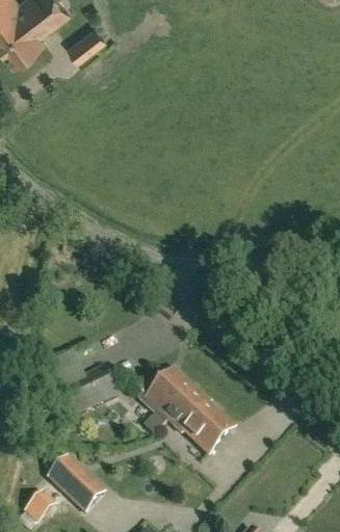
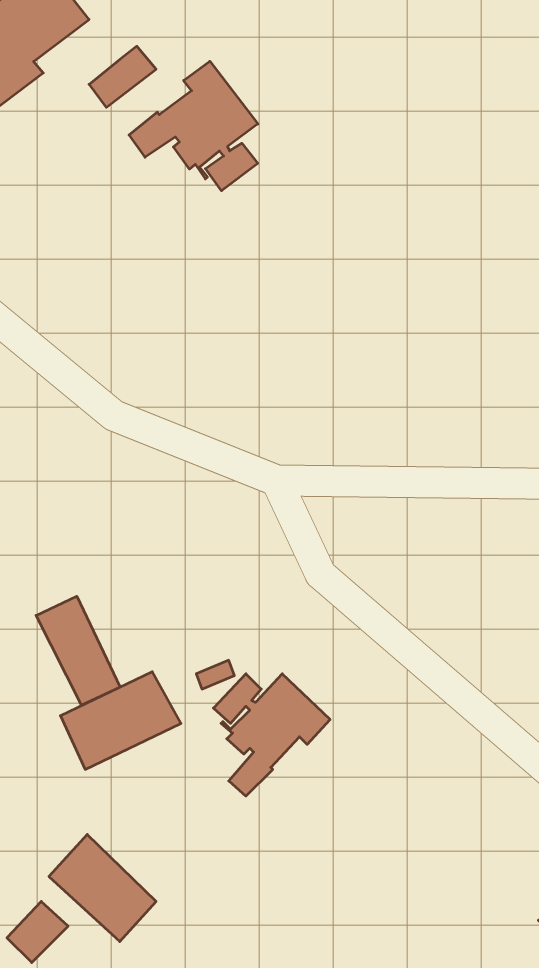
building: none -> [129,61,258,191]
building: none -> [36,596,120,705]
building: [168,392,236,453] -> none

